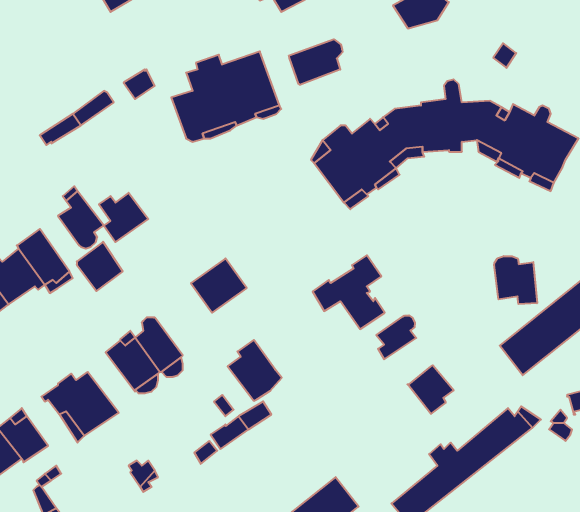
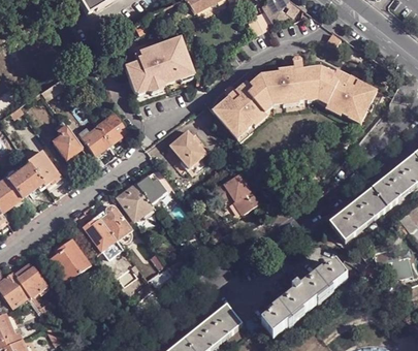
building: [289,39,343,85] -> none
building: none -> [169,129,206,166]
building: [77,242,123,291] -> [97,111,126,142]
building: [494,256,537,304] -> none
building: [376,315,416,359] -> none
building: [228,340,282,401] -> [120,183,154,221]
building: [407,365,454,414] -> none

